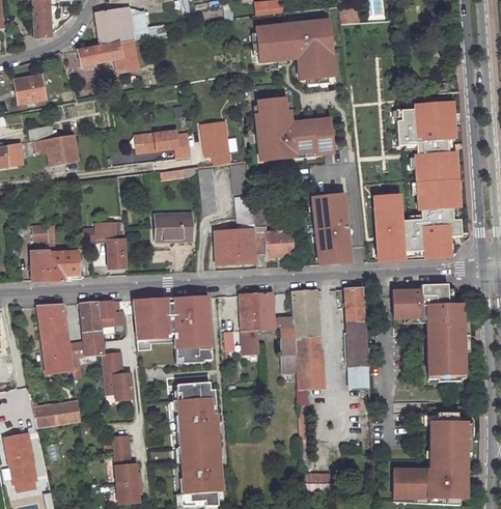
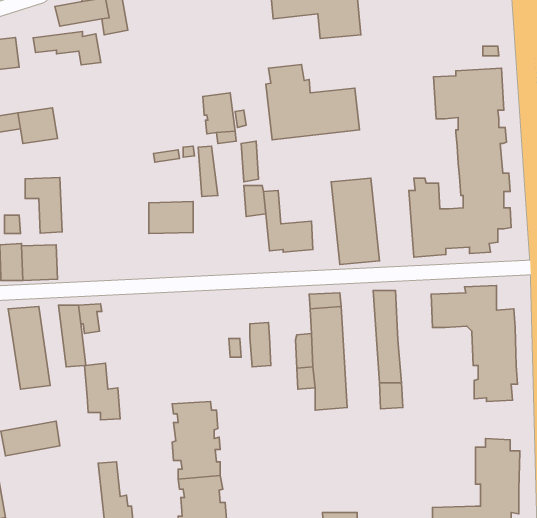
building: [134,132,191,160] -> [33,32,101,65]
building: [95,223,127,270] -> [25,178,62,233]
building: [214,228,256,265] -> none
building: [239,292,273,328] -> none
building: [134,295,211,362] -> none

